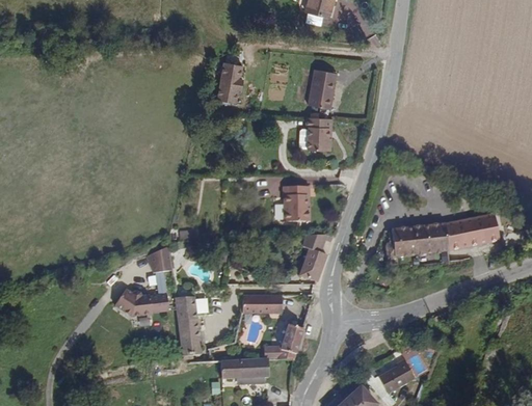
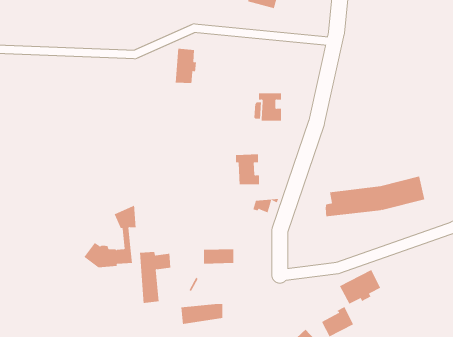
building: [313,66,342,109] -> none
building: [300,249,326,282] -> none
building: none -> [339,269,381,305]
building: [262,320,304,357] -> none

